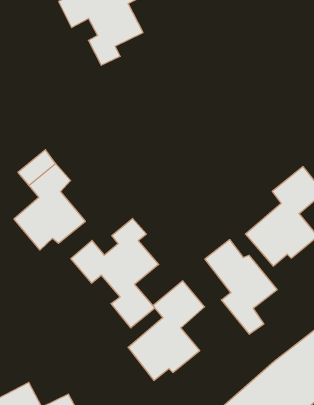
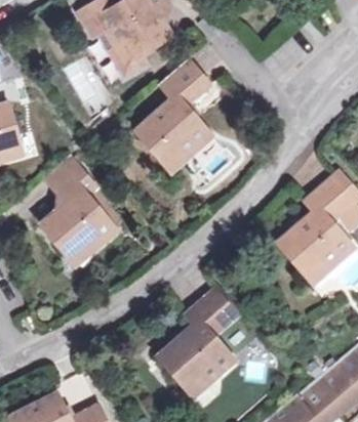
building: none -> [133,59,212,164]
building: [71,218,159,328] -> none
building: [205,240,277,334] -> none

